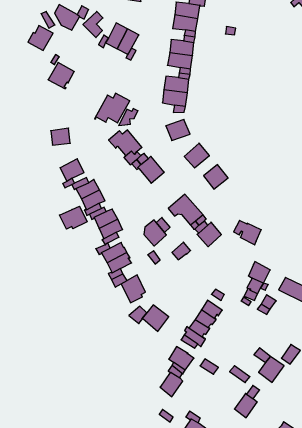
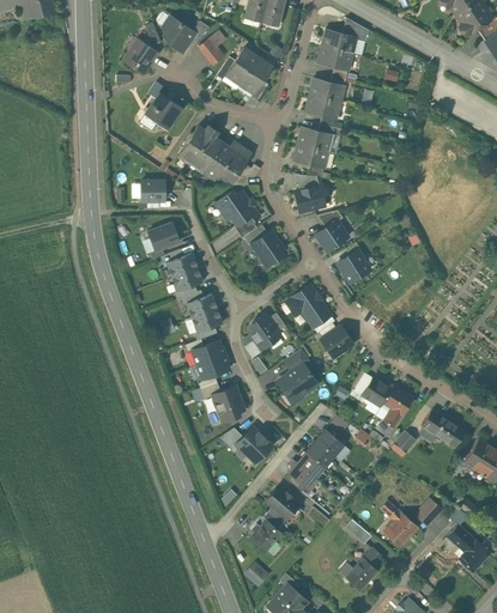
building: none -> [177,126,222,172]
building: [59,206,87,229] -> none
building: [234,220,261,245] -> [354,372,392,407]
building: none -> [278,364,317,397]

